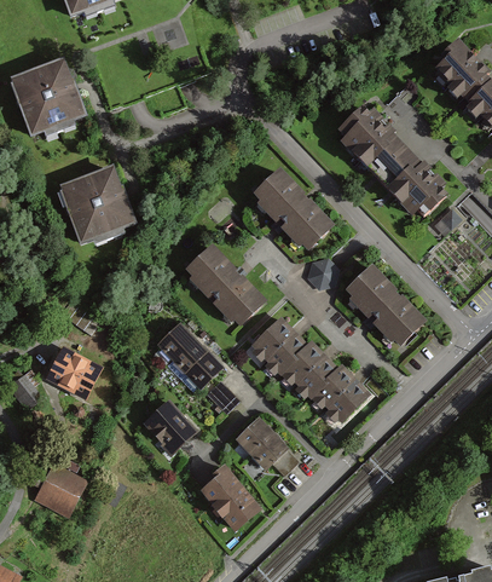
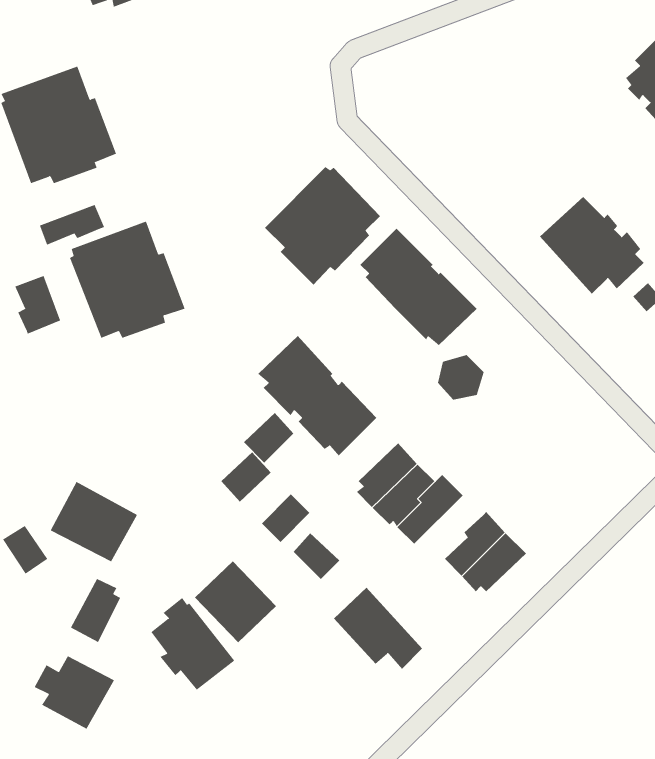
building: [338,105,407,175] -> none
building: none -> [264,166,381,285]
building: none -> [39,204,105,246]
building: none -> [14,275,61,335]
building: [347,264,428,346] -> none
building: [172,338,207,373] -> [243,412,294,463]
building: [291,353,338,399] -> none
building: none -> [70,578,121,643]
building: [202,465,260,529] -> [151,597,235,690]

